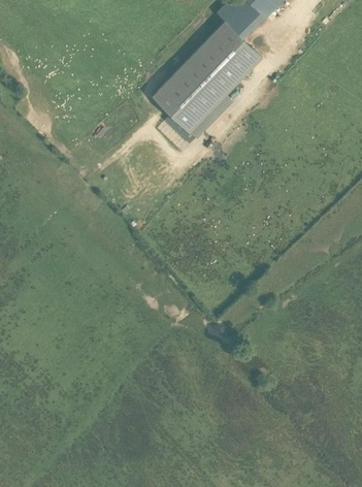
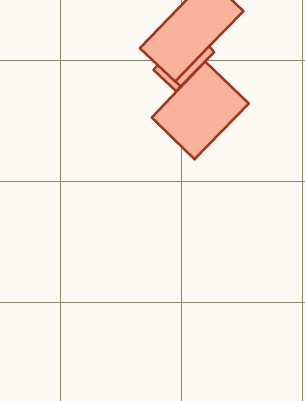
building: none -> [152,61,249,159]

